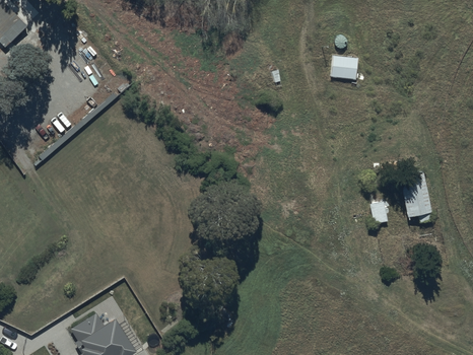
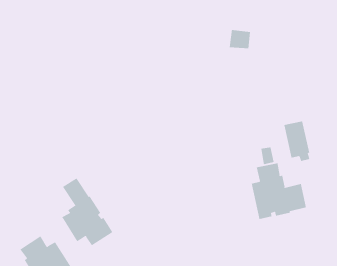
building: none -> [251,163,306,220]
building: none -> [61,177,113,246]

